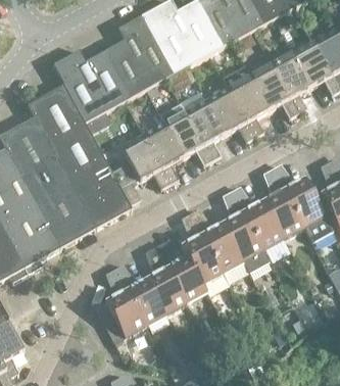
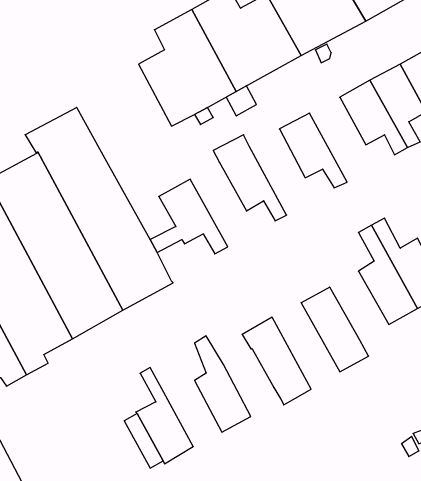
building: [52,48,130,122] -> none
building: [228,76,268,136] -> none
building: [185,98,225,159] -> none
building: [143,122,183,182] -> none
building: [231,185,284,248] -> none
building: [190,208,249,283] -> none
building: [166,254,207,302] -> none
building: [114,262,165,324] -> none

